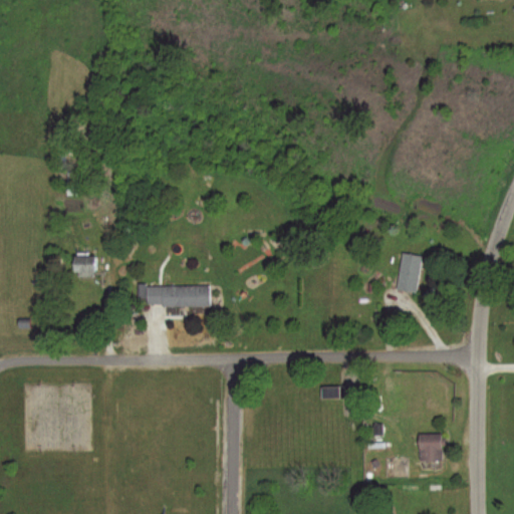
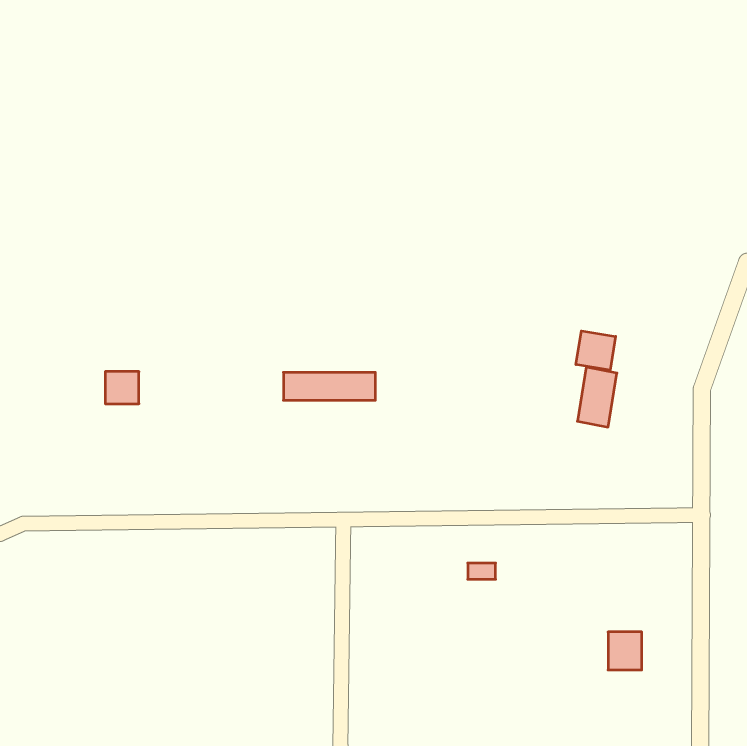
building: none -> [576,331,616,370]
building: [146,286,209,305] -> [283,372,375,400]

